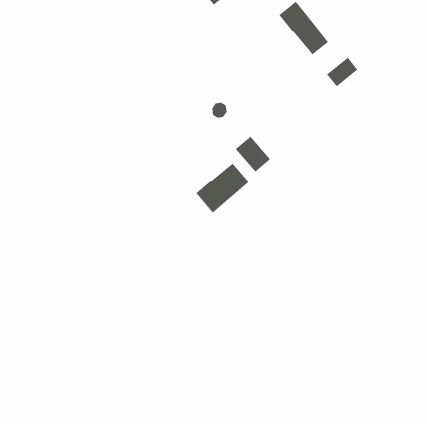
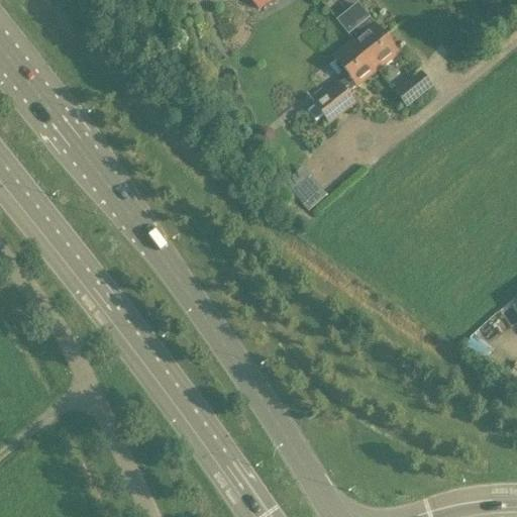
building: none -> [309,38,378,120]
building: [195,163,249,213] -> none

